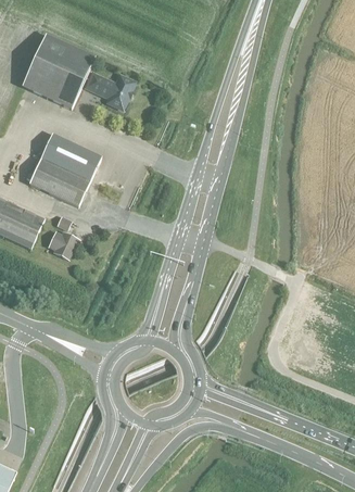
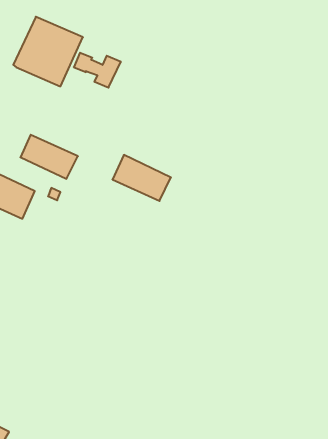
building: [39,134,101,182] -> [112,155,171,201]
building: [48,231,78,260] -> none

